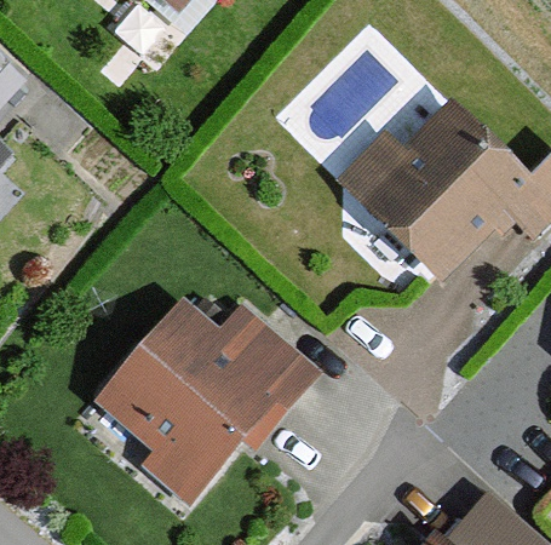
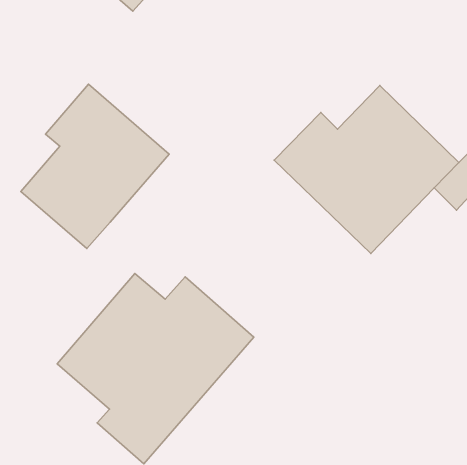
building: none -> [21,84,169,248]

